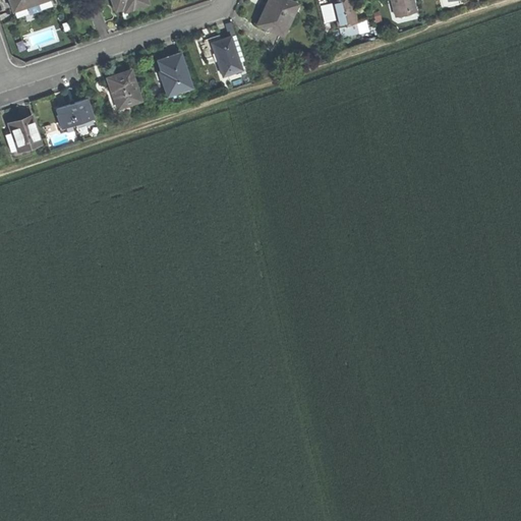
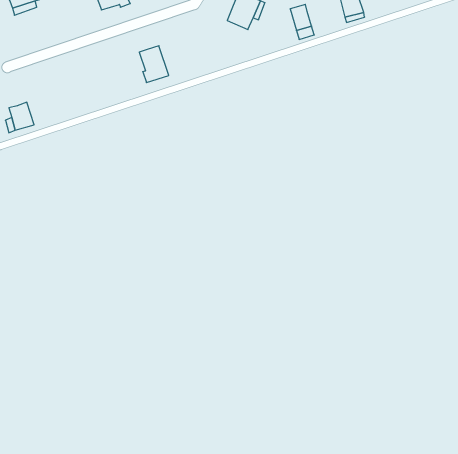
building: [213,38,242,75] -> none
building: [109,69,141,107] -> none
building: [57,98,93,127] -> none

